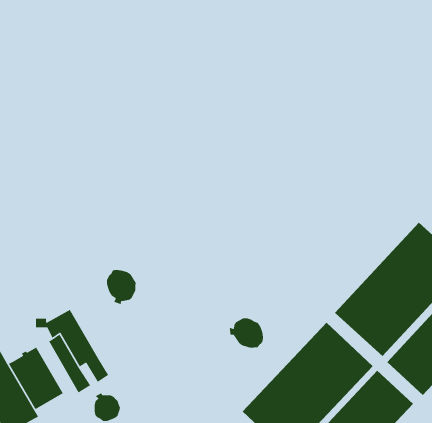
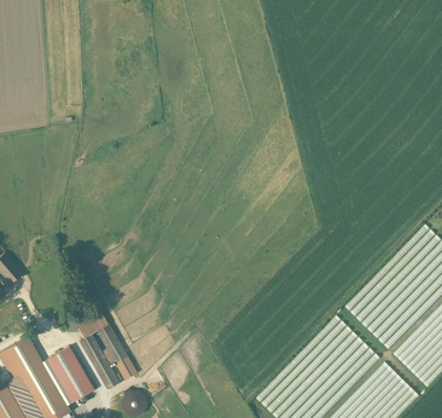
building: [106,269,137,305] -> none
building: [229,317,264,349] -> none

